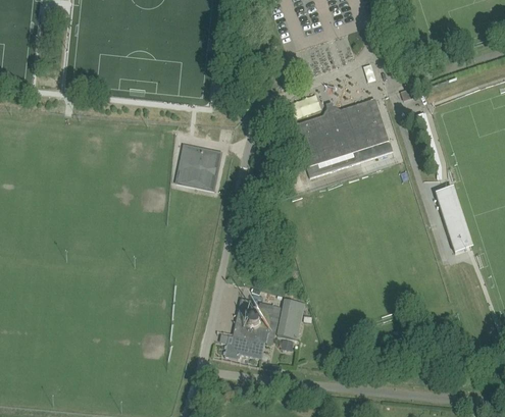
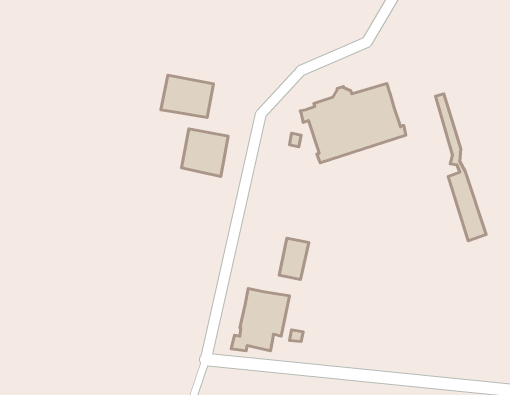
building: none -> [161,75,214,118]
building: [276,299,305,338] -> [279,238,309,279]

